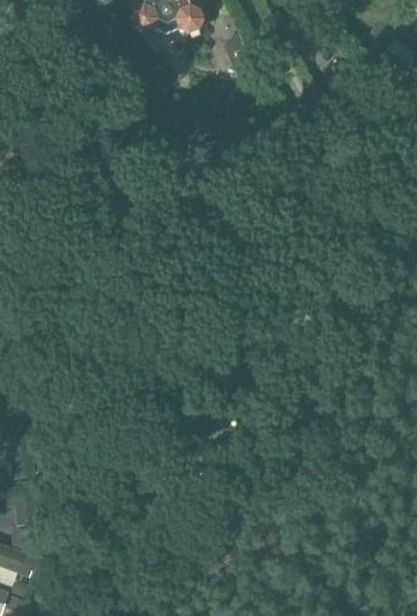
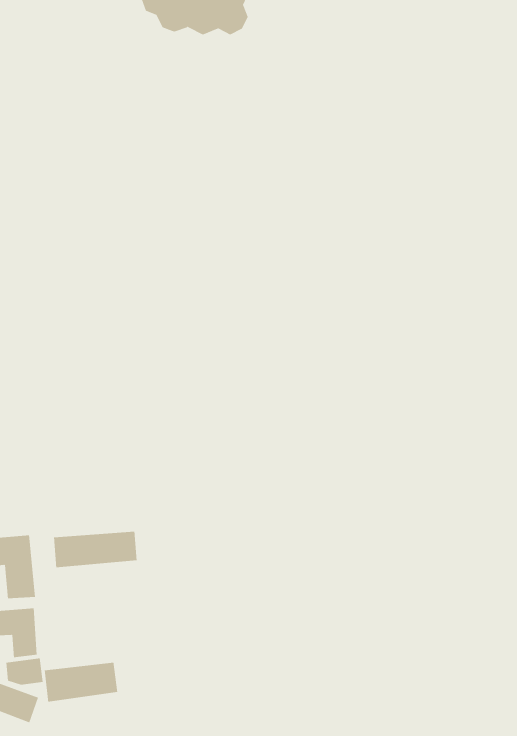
building: none -> [54,531,137,568]
building: none -> [44,662,118,702]

